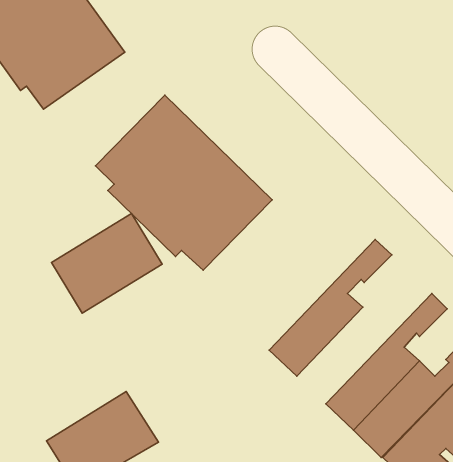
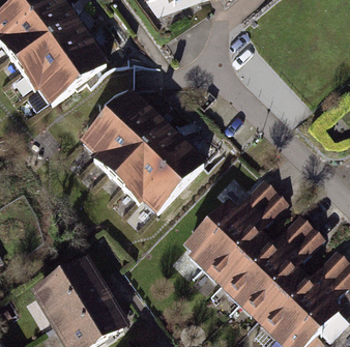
building: [52,213,162,313] -> [31,258,106,325]
building: none -> [183,179,273,264]
building: none -> [221,215,312,300]

